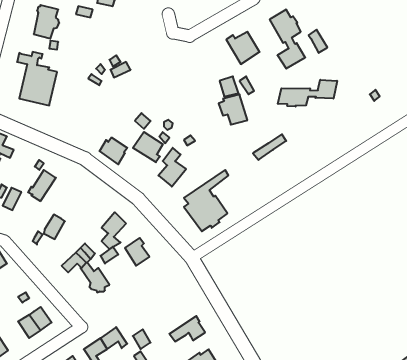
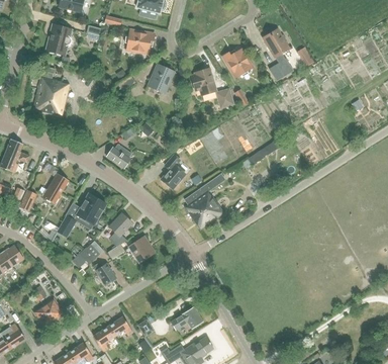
building: none -> [126,29,155,54]
building: none -> [148,64,174,93]
building: [278,80,337,107] -> none
building: [219,94,247,125] -> [190,68,216,95]
building: [133,132,163,162] -> none
building: none -> [75,192,107,230]

